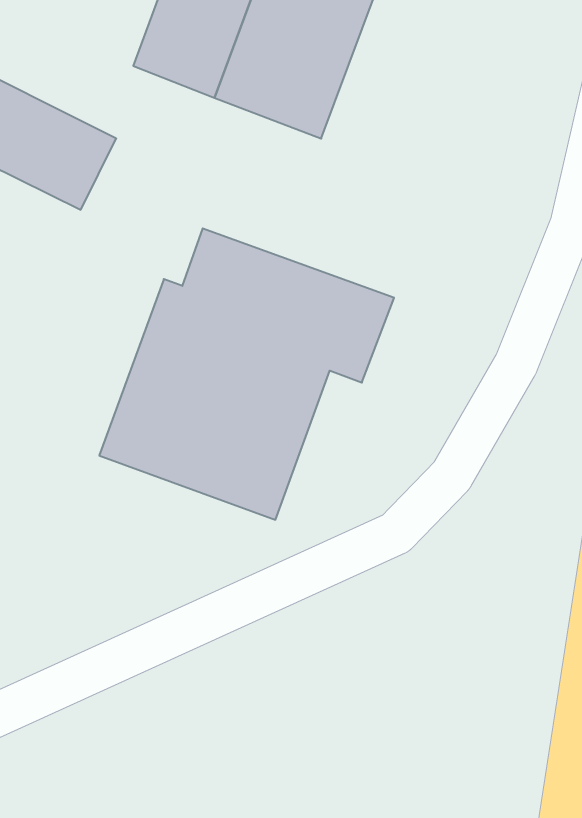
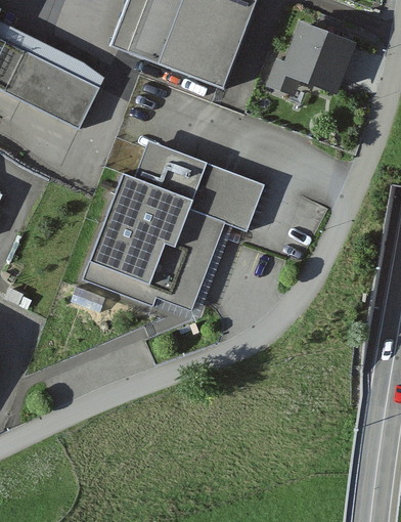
building: none -> [266,19,354,91]

